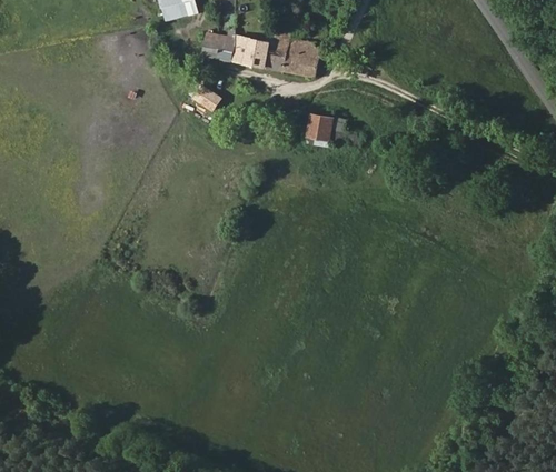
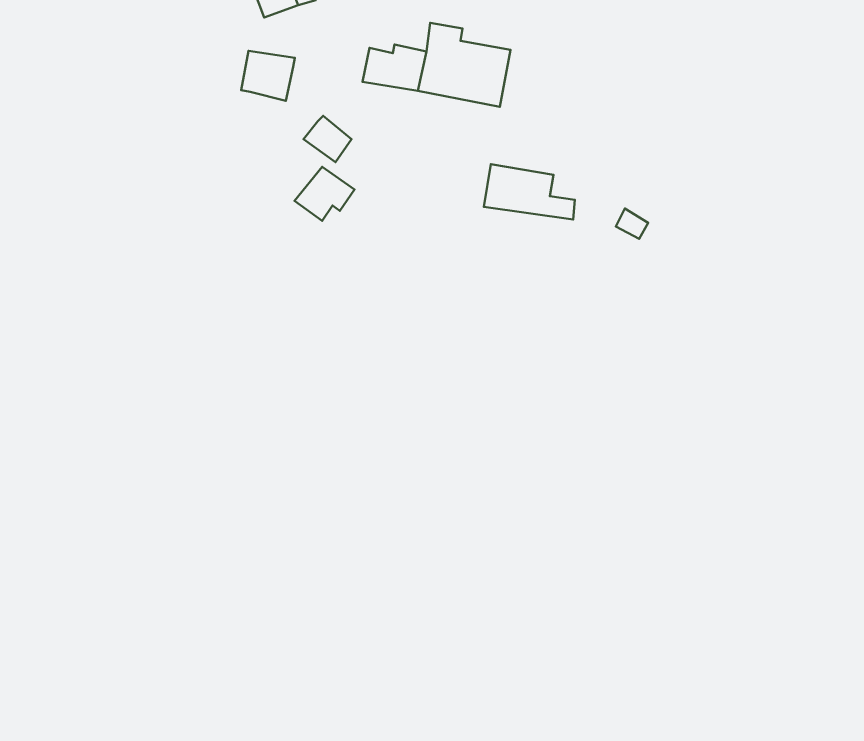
building: [200,30,234,61] -> [241,51,295,101]
building: none -> [294,167,355,221]

